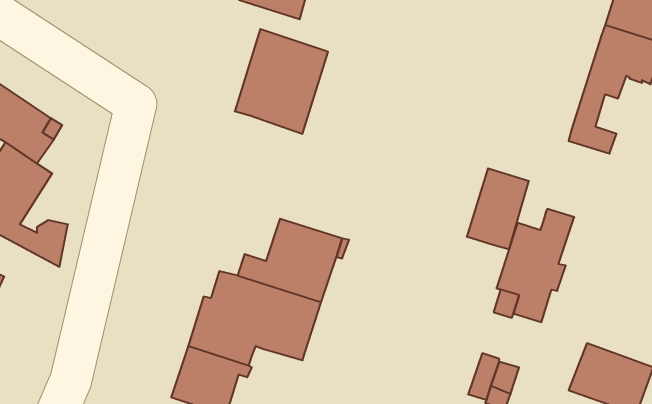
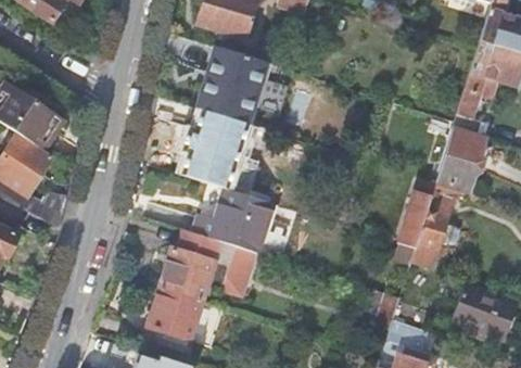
building: none -> [195,111,257,186]
building: [467,168,529,249] -> [435,130,483,192]

